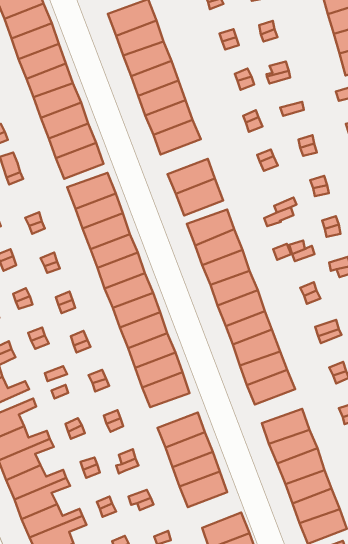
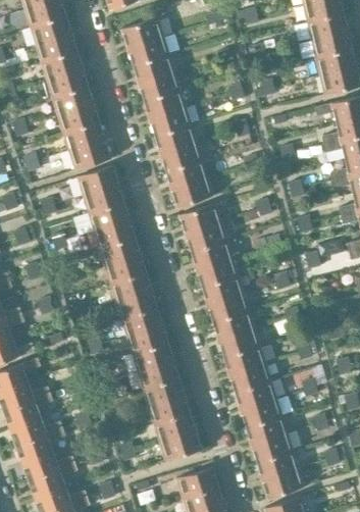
building: none -> [160,142,201,170]
building: none -> [229,363,270,391]
building: none -> [139,361,179,390]

